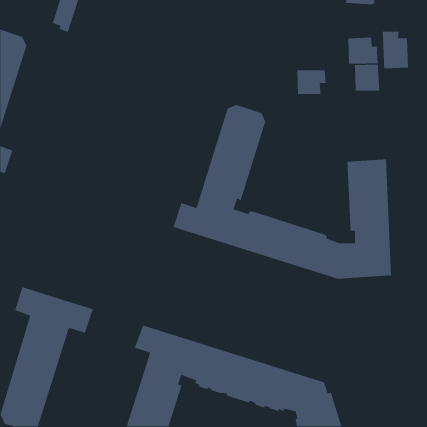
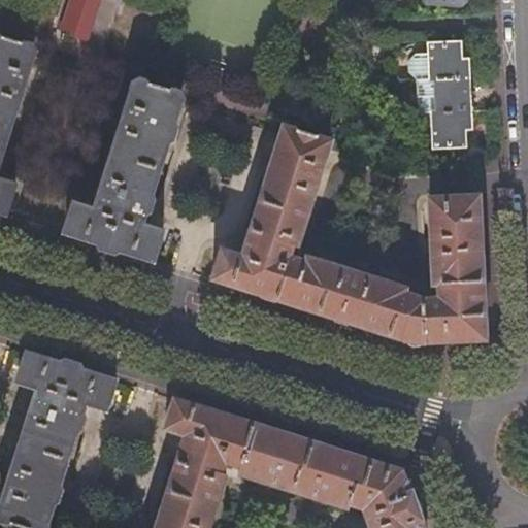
building: [382,31,409,69] -> none
building: none -> [65,81,182,261]
building: [296,70,326,95] -> [432,112,469,143]

